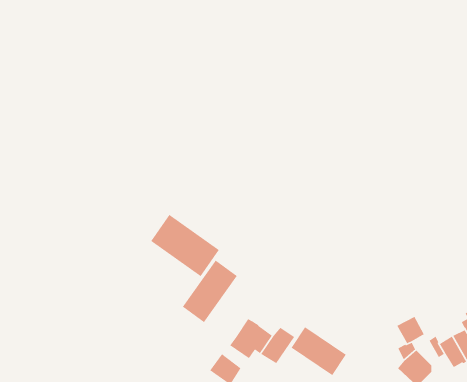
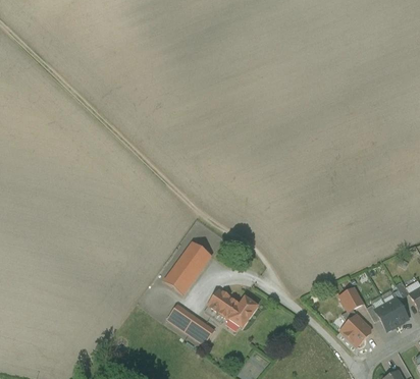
building: [150,214,220,277] -> none
building: [290,326,347,376] -> none
building: none -> [167,305,197,332]

